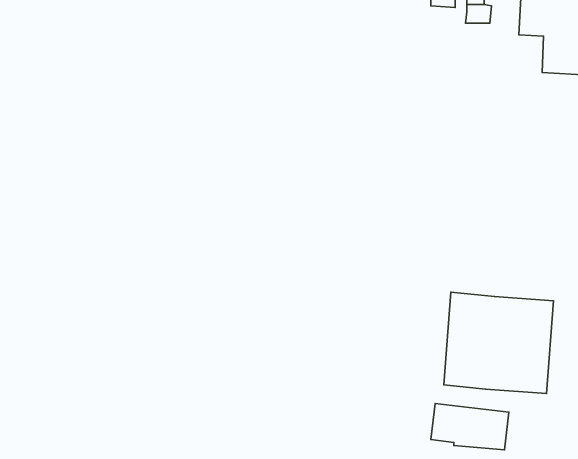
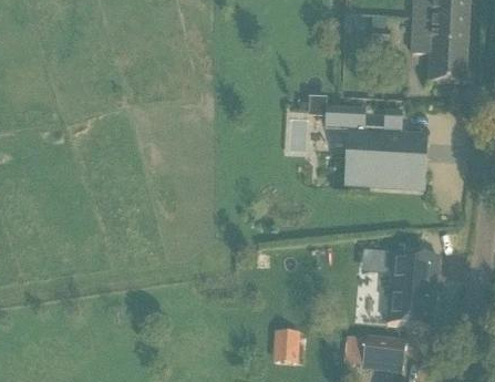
building: none -> [326,106,427,184]
building: none -> [274,327,300,359]

